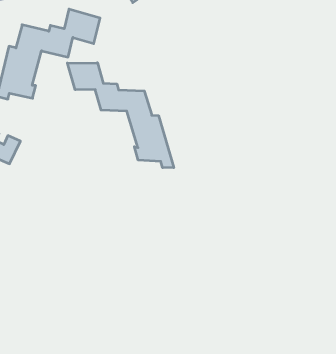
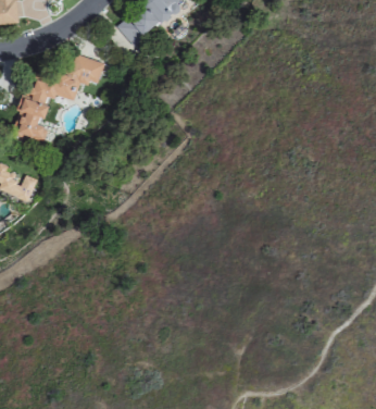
building: [67,63,174,168] -> none

